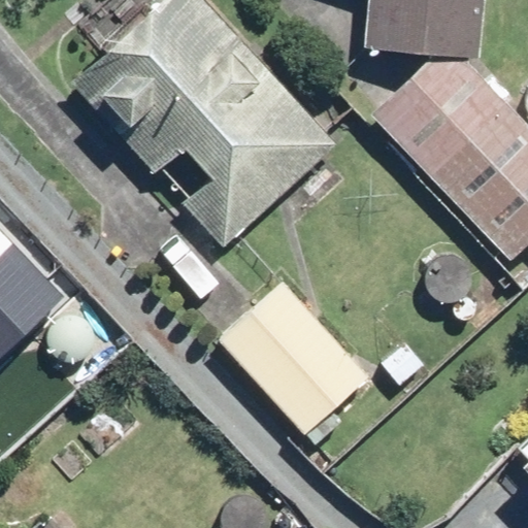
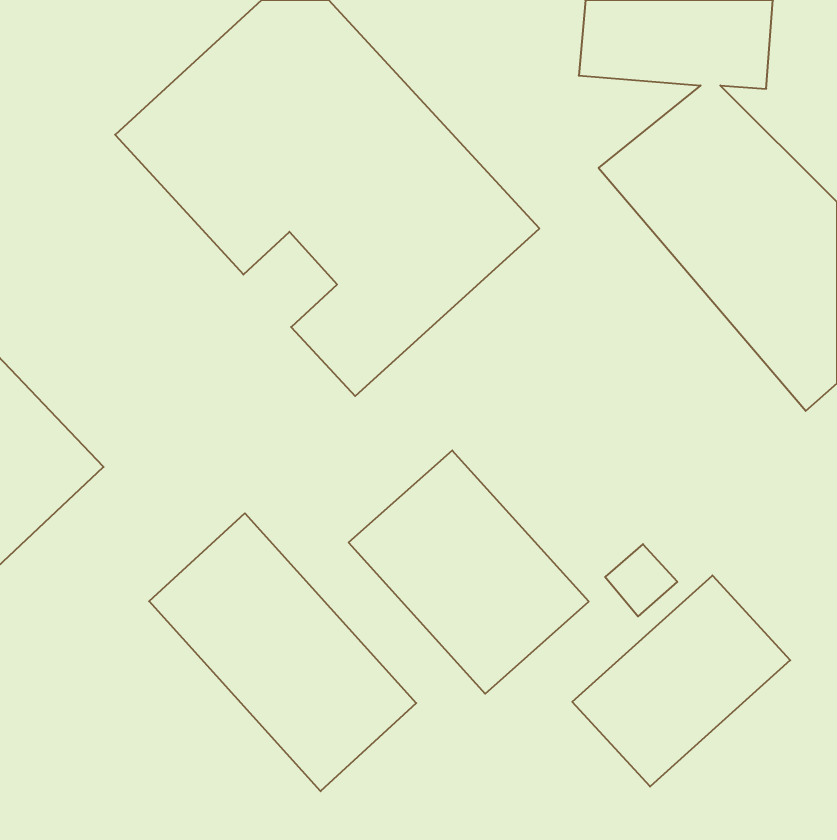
building: none -> [149,513,416,791]
building: none -> [572,575,790,787]

